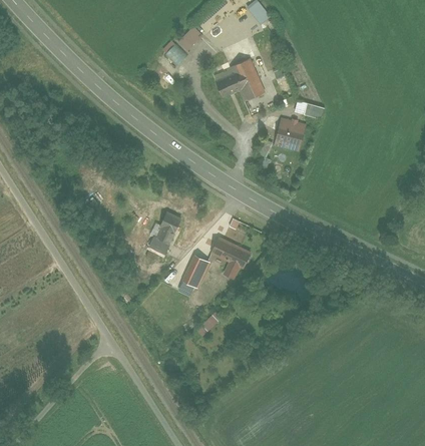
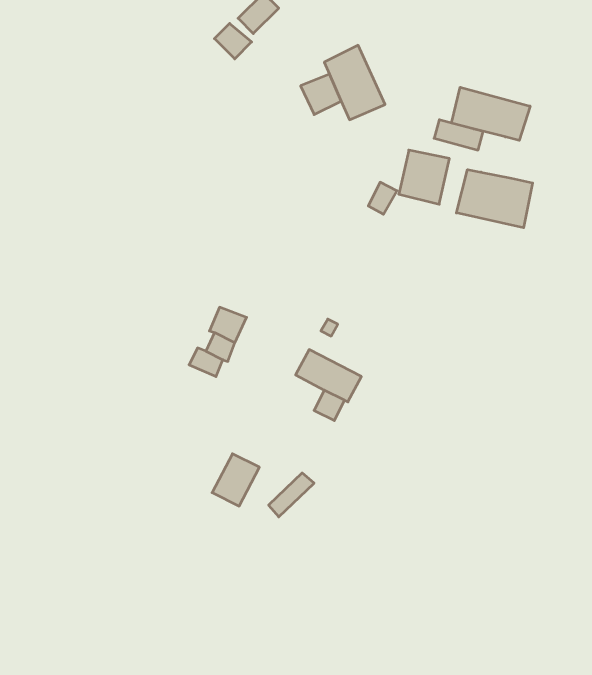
building: none -> [452,87,530,140]
building: none -> [456,170,533,228]
building: [182,256,210,287] -> [212,454,259,506]

